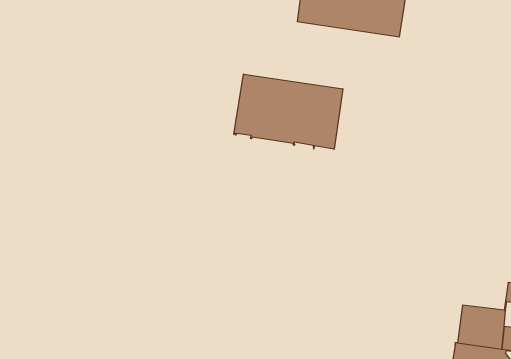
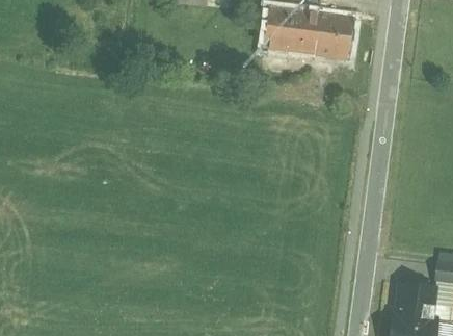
building: [234,74,343,149] -> none

